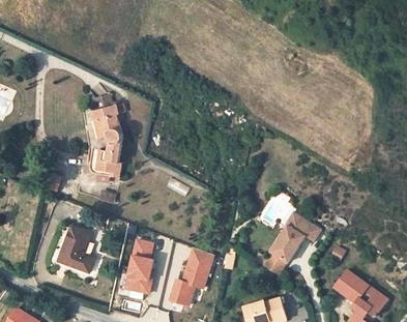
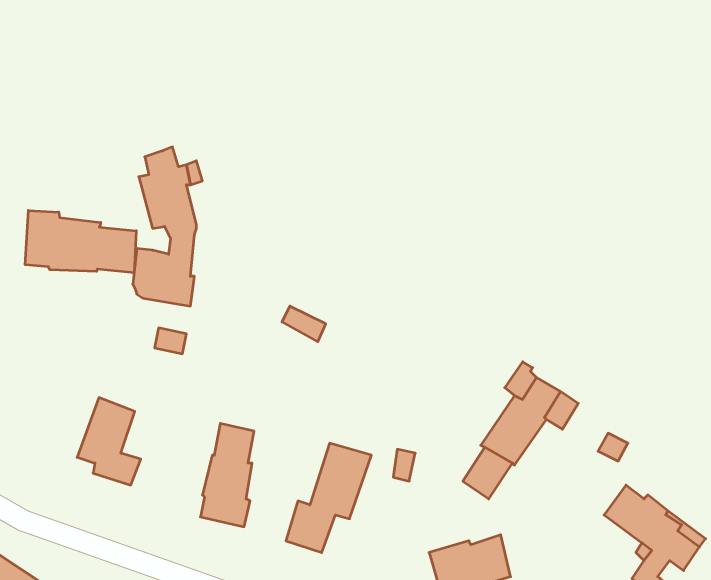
building: none -> [25,210,136,273]

